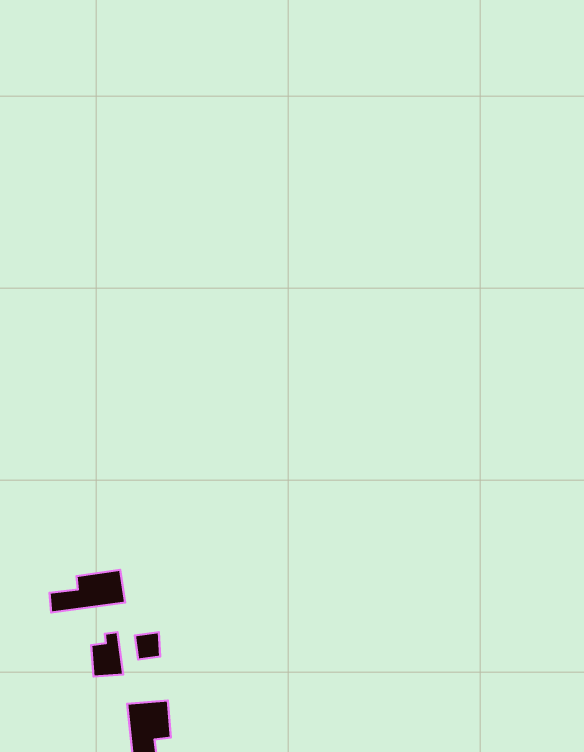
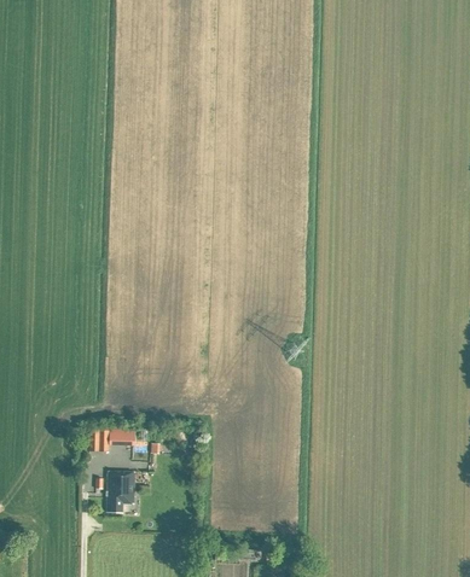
building: [49,570,125,612] -> none

